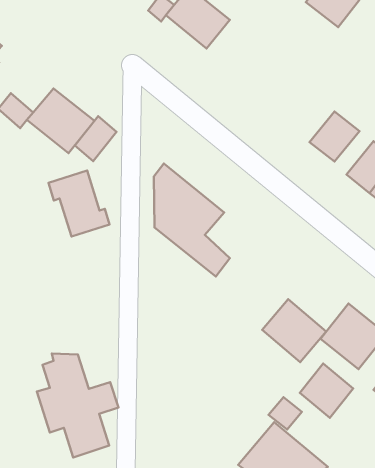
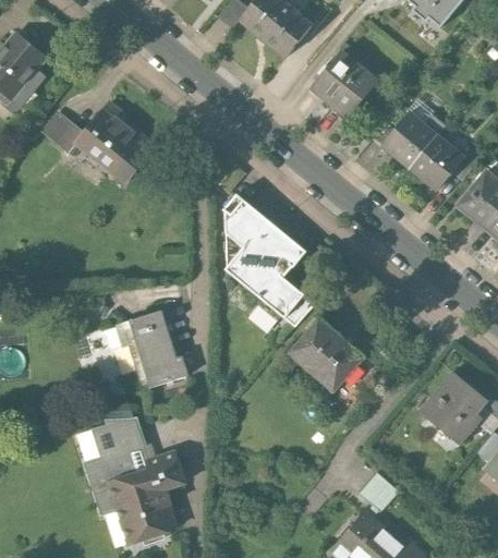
building: none -> [311,50,380,120]
building: none -> [379,110,438,170]
building: [75,116,117,161] -> none
building: [48,171,110,236] -> [117,312,189,389]
building: [262,299,326,362] -> [290,318,365,392]
building: [300,363,353,418] -> none

